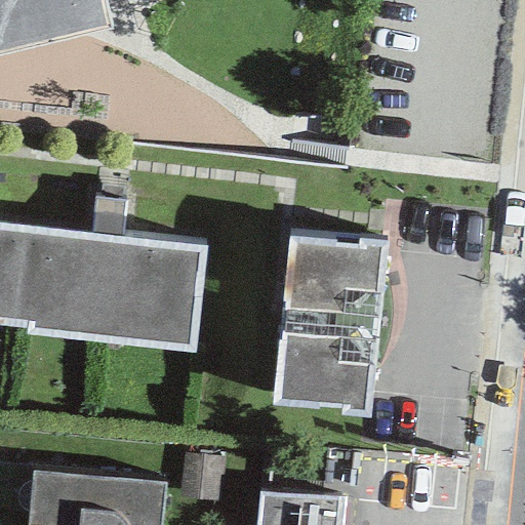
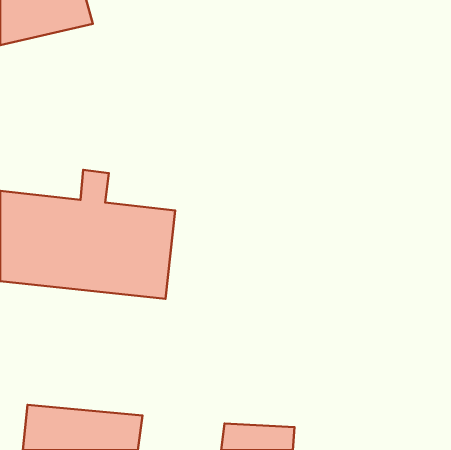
building: [273,235,390,416] -> none

